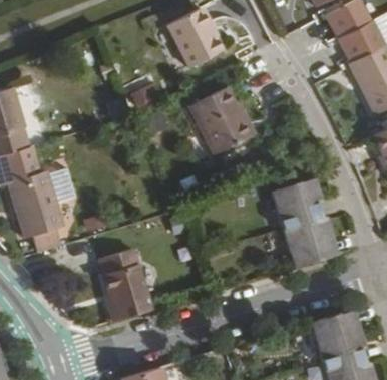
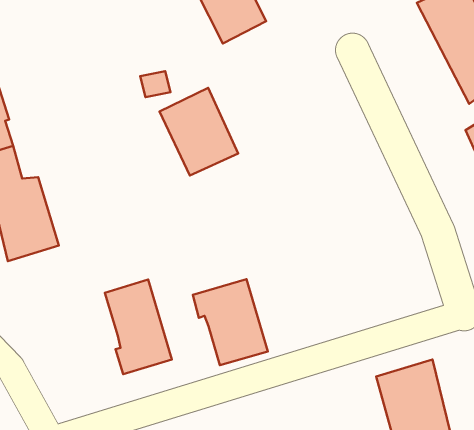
building: [189,89,250,156] -> [160,88,238,176]
building: [274,179,337,267] -> none
building: none -> [193,279,268,365]

